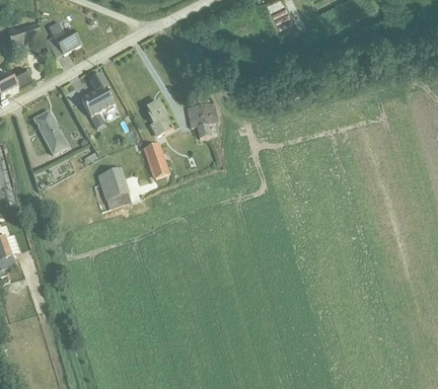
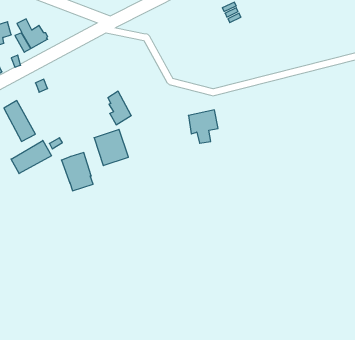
building: [81,73,115,118] -> none
building: [187,101,219,138] -> [188,110,218,143]
building: none -> [11,140,51,174]

